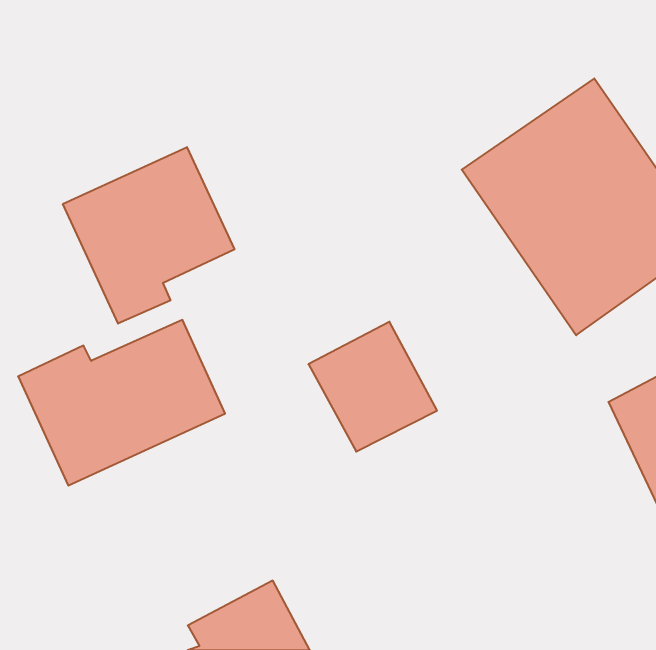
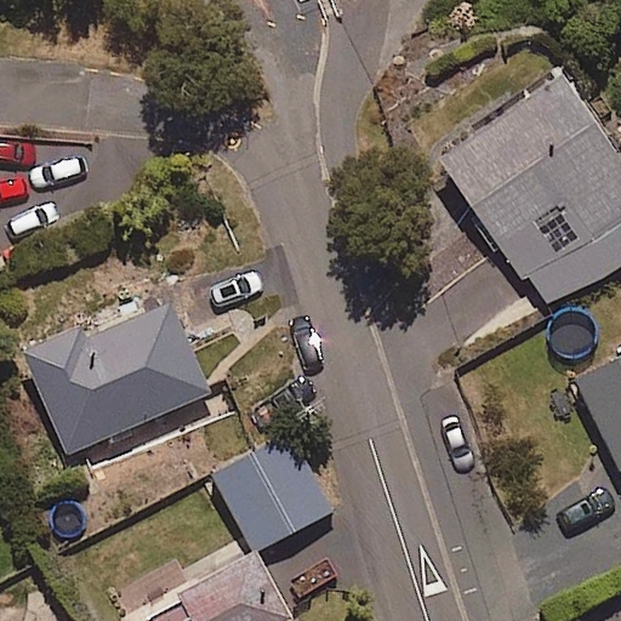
building: [63,147,234,324] -> none
building: [308,322,437,452] -> [213,426,335,548]

